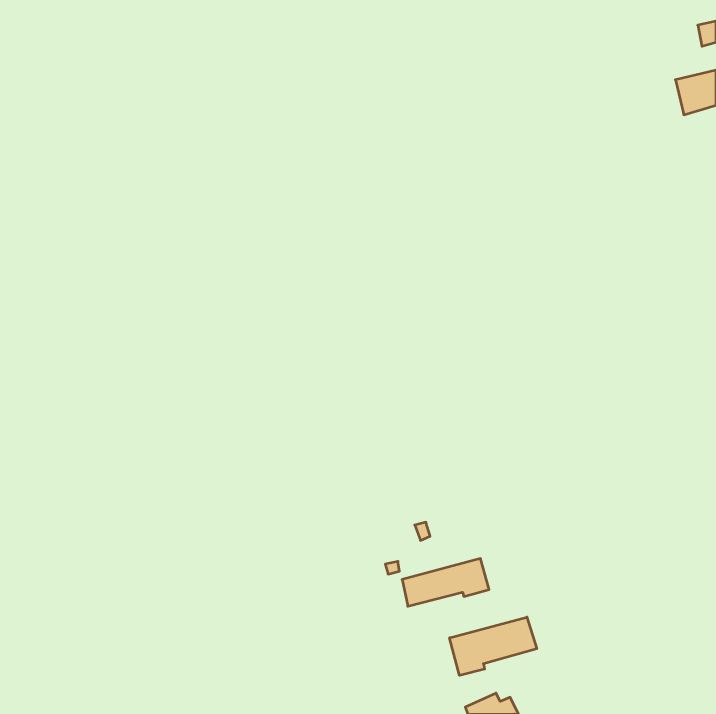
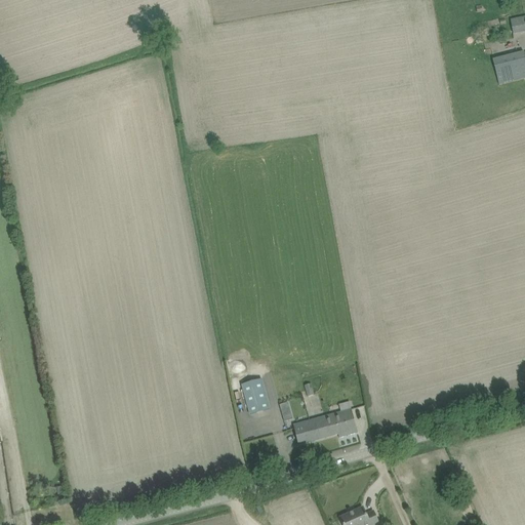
building: none -> [241,378,269,412]
building: [450,617,537,675] -> none

